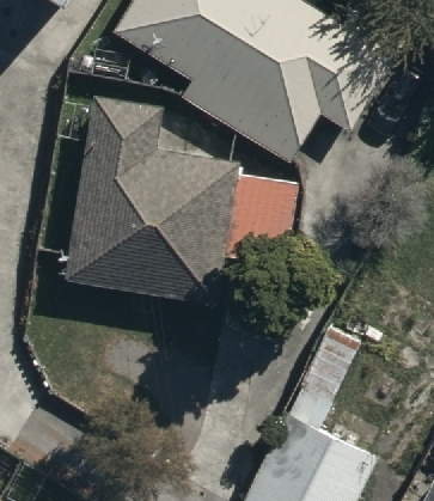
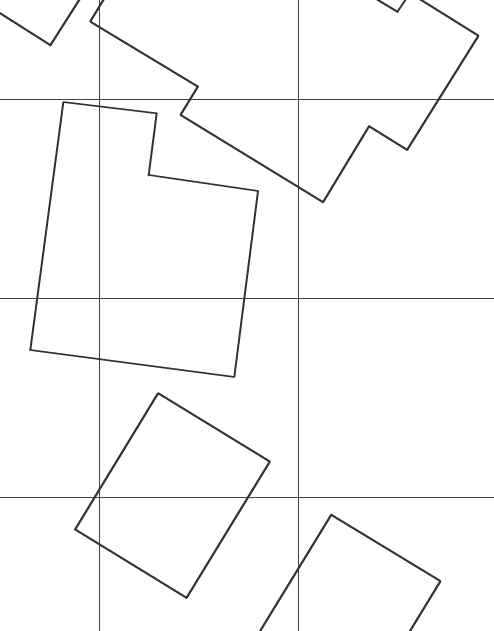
building: none -> [75,393,270,598]

